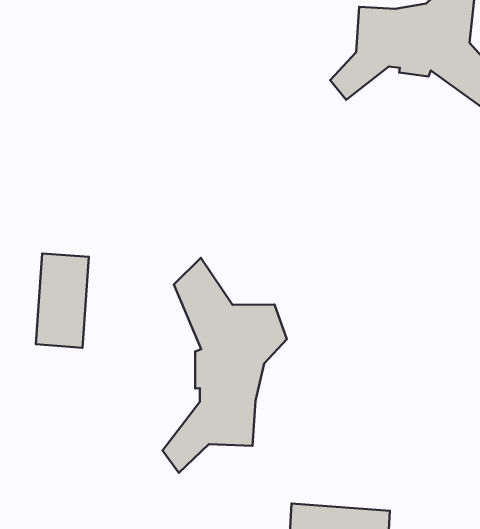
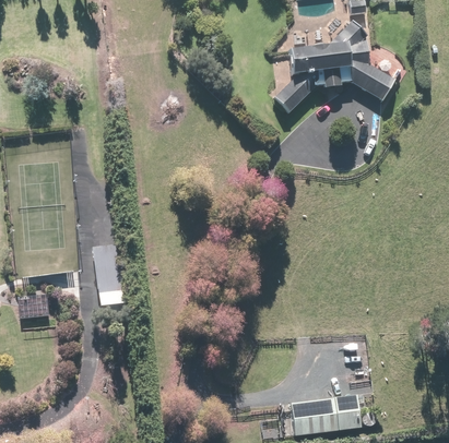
building: [162,258,287,473] -> none

